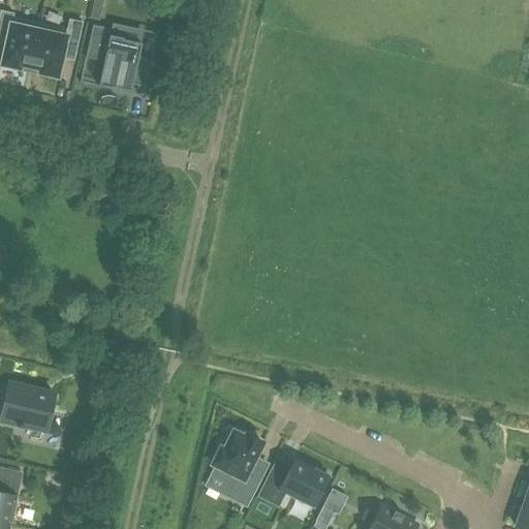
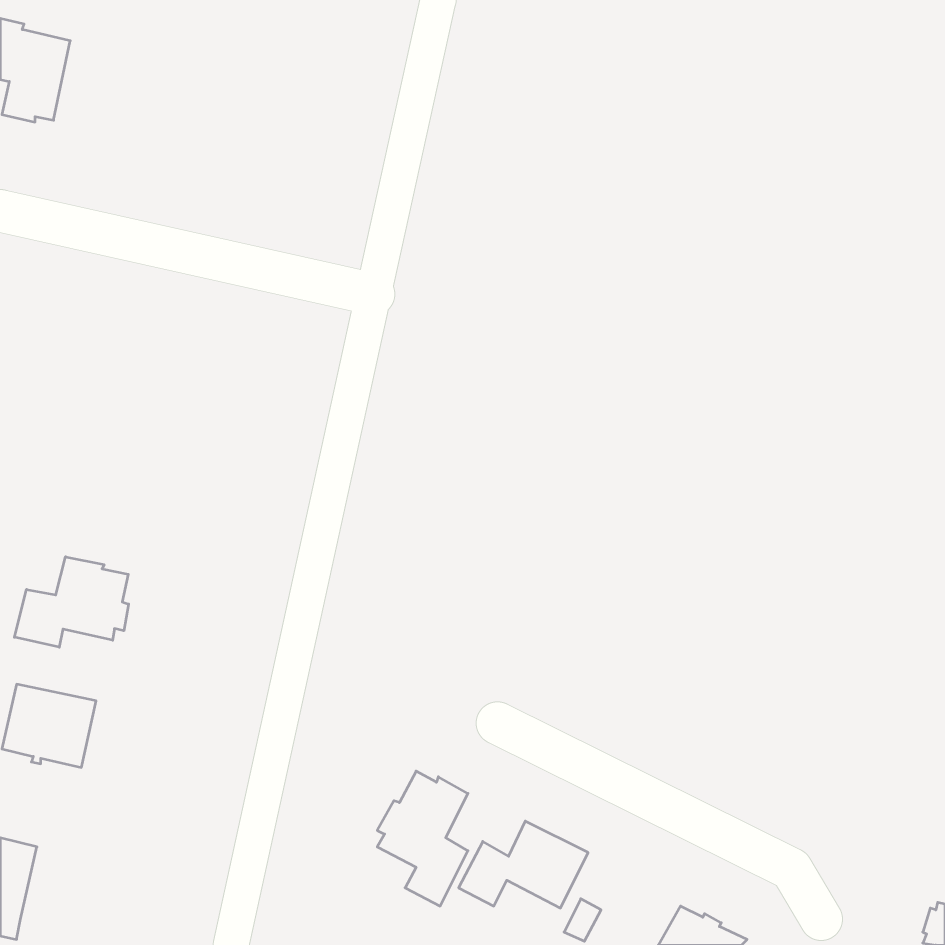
building: [30,20,82,76] -> none
building: [85,25,150,91] -> none
building: none -> [14,557,129,647]

